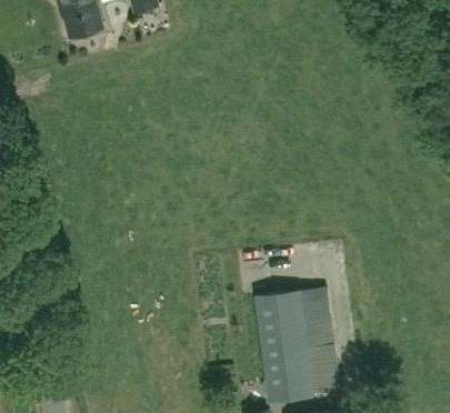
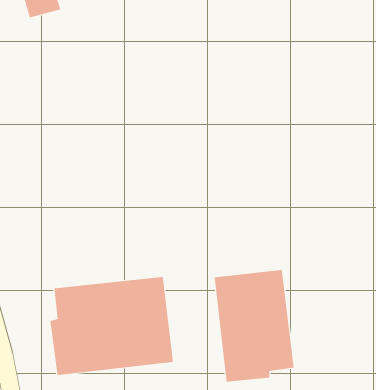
building: none -> [50,276,173,376]

